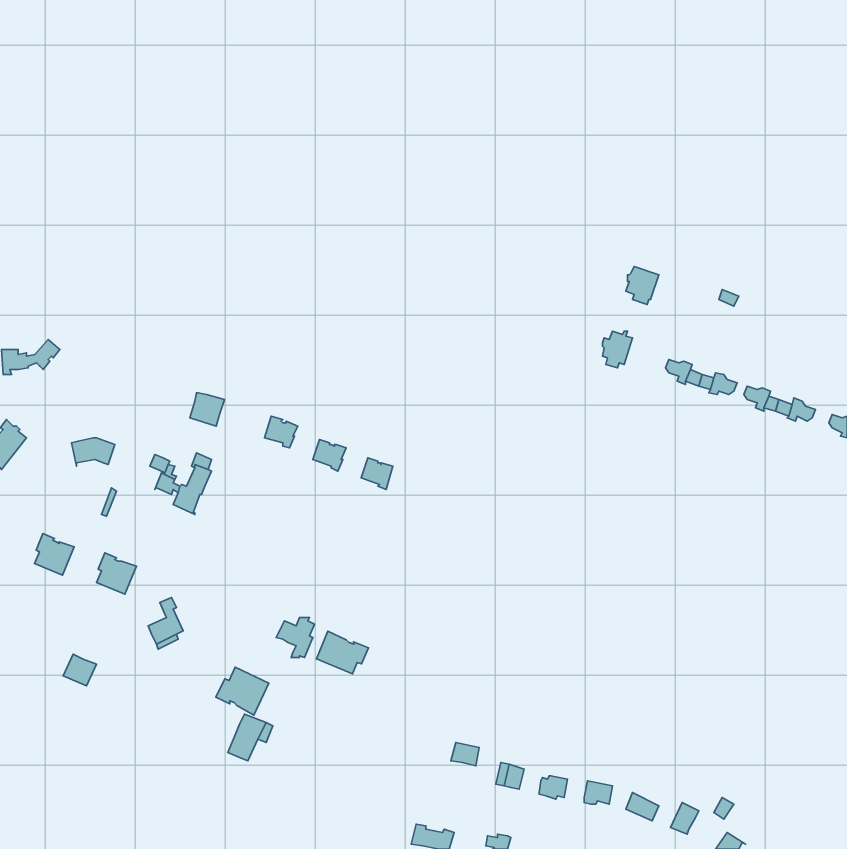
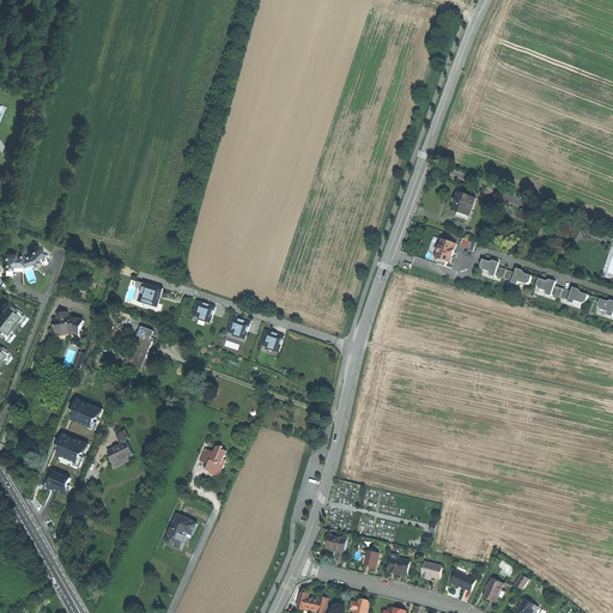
building: [34,533,74,575] -> [55,432,84,462]
building: [316,631,368,674] -> none
building: [216,667,269,715] -> none

